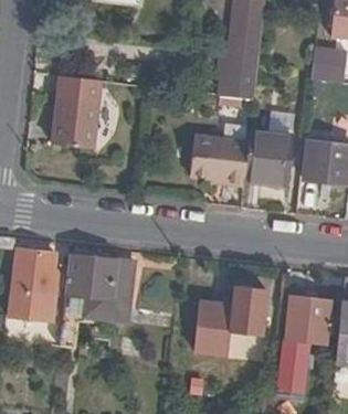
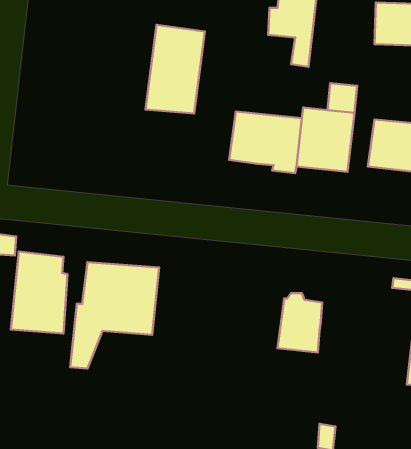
building: [54,76,103,149] -> [146,25,205,114]
building: [276,296,330,394] -> none
building: [192,302,232,355] -> none

